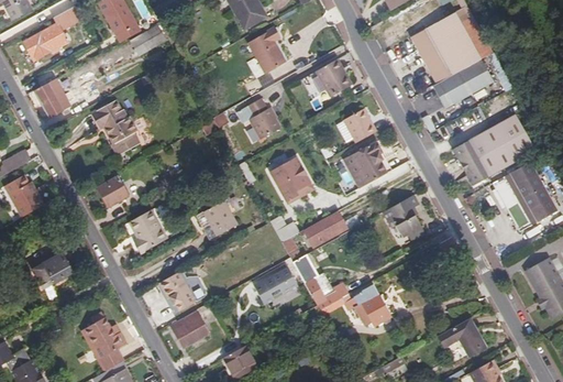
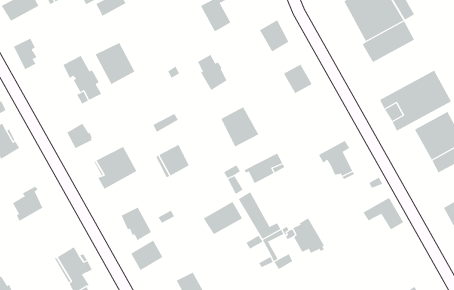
building: none -> [95,42,135,85]
building: [351,143,387,185] -> none
building: [439,320,486,358] -> [362,197,404,230]

